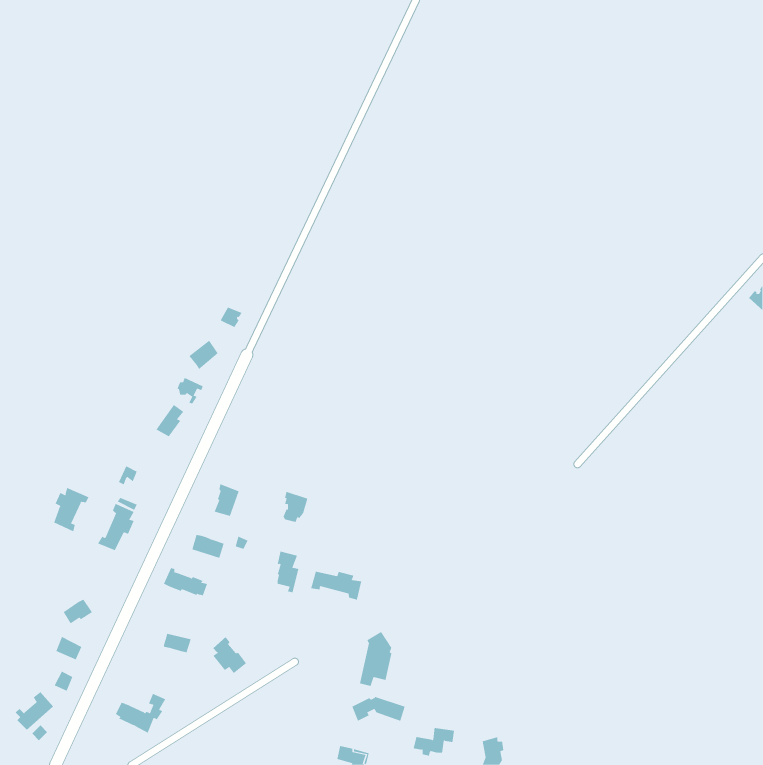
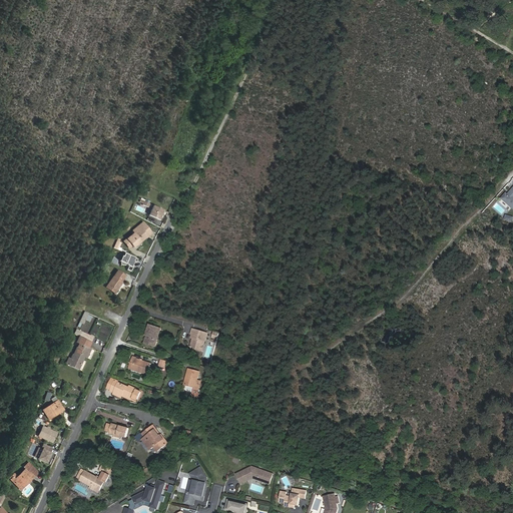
building: [53,487,89,532] -> none
building: [310,571,362,600] -> none
building: [359,631,392,687] -> [183,467,205,504]
building: none -> [132,480,164,508]

